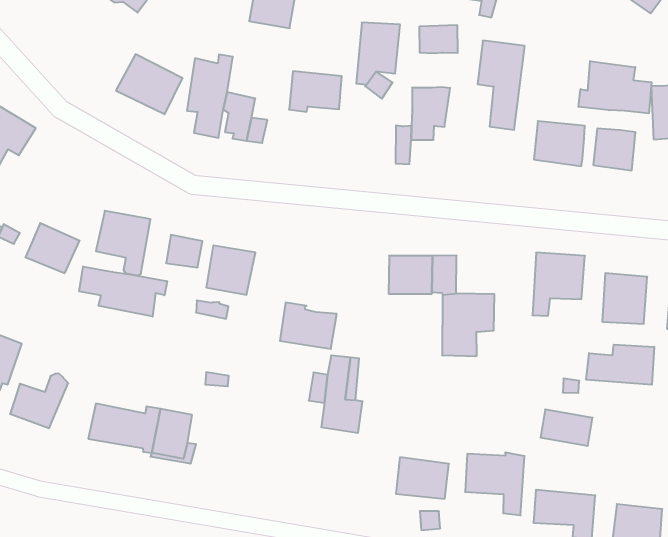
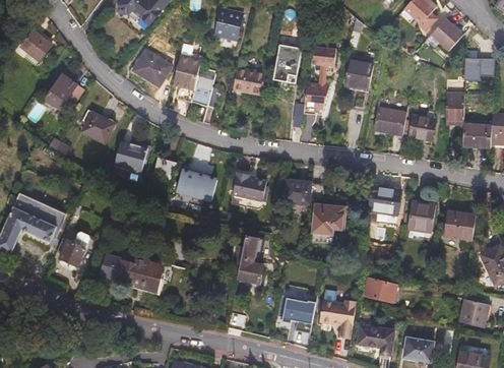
building: [579,61,651,113] -> none
building: [25,223,80,273] -> [81,112,114,142]
building: [79,266,167,317] -> none
building: [280,302,337,349] -> [231,172,265,201]
building: [586,345,654,385] -> none

